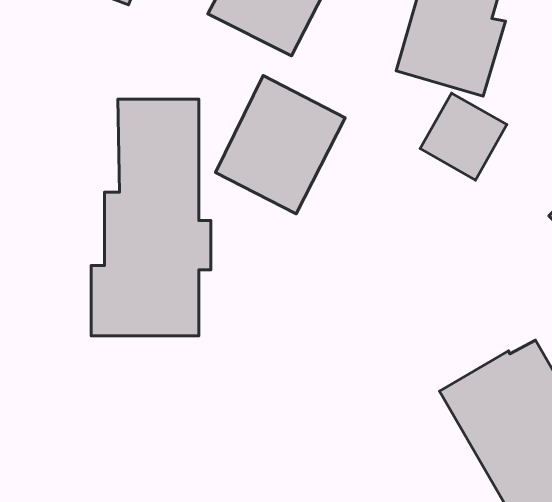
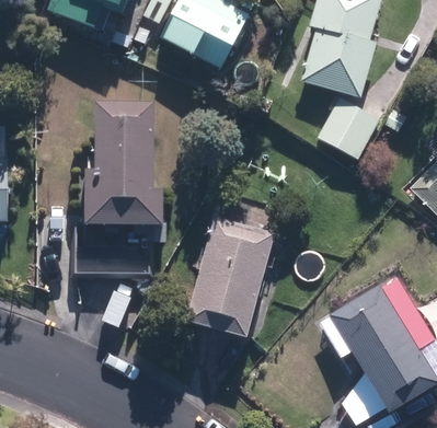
building: [215,75,345,214] -> none
building: none -> [185,215,276,338]

